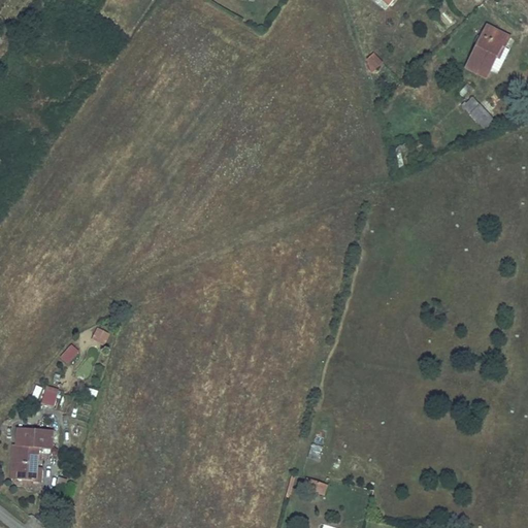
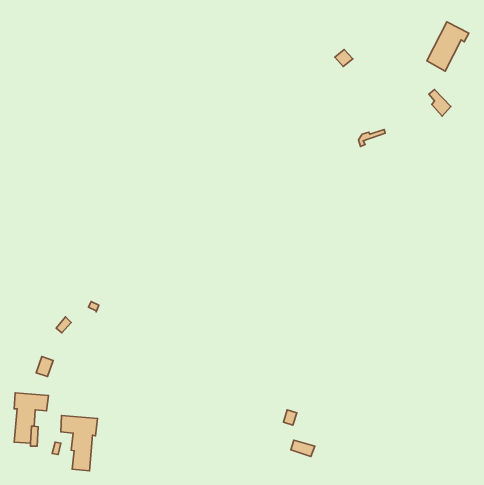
building: none -> [61,416,98,471]

